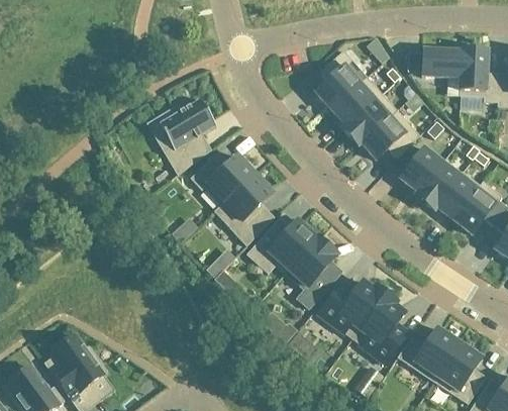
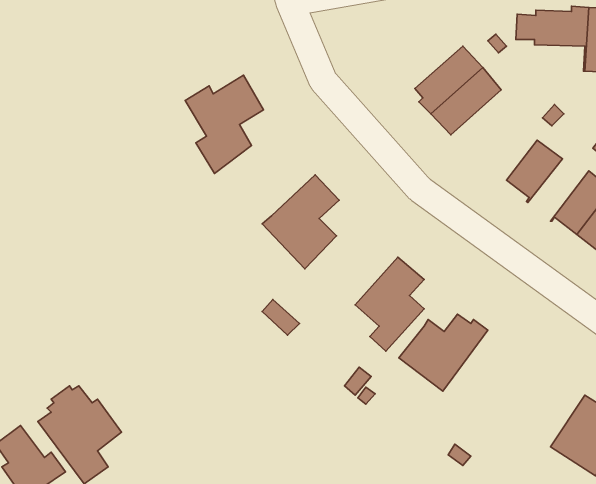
building: [315,49,367,108] -> none
building: [358,109,419,159] -> none
building: [190,155,255,205] -> none
building: [416,162,463,209] -> none
building: [246,219,317,273] -> none
building: [351,292,407,363] -> none
building: [397,326,460,381] -> none

